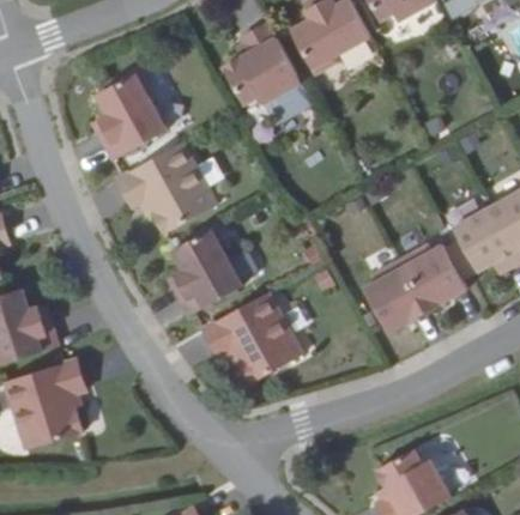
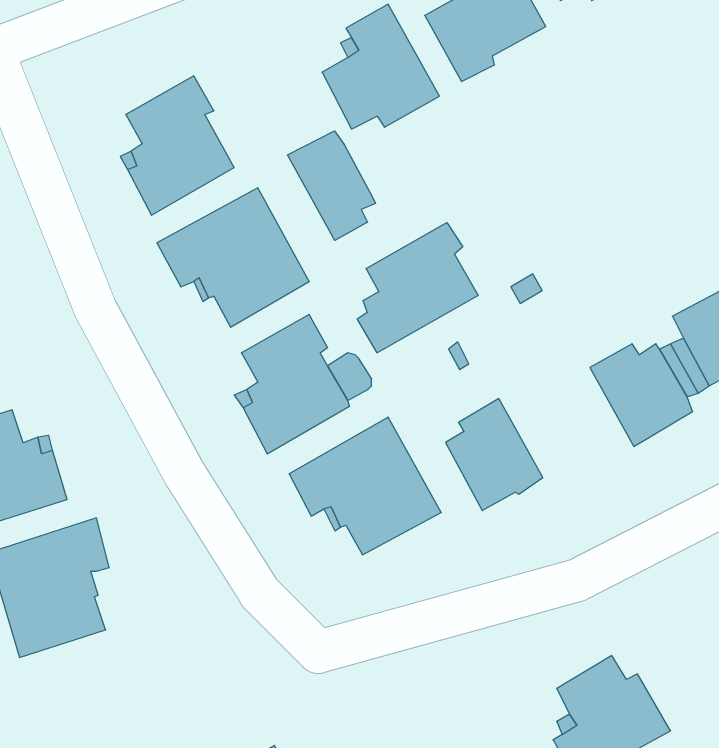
building: none -> [287,131,376,240]
building: none -> [357,223,478,353]
building: [365,260,429,333] -> [446,399,543,511]

